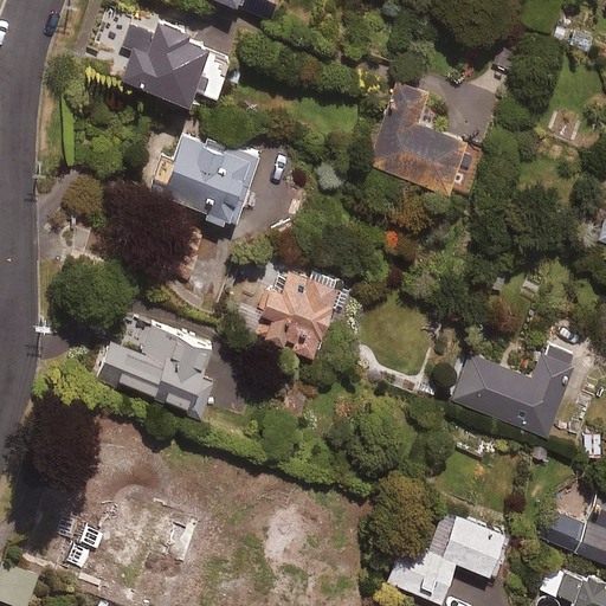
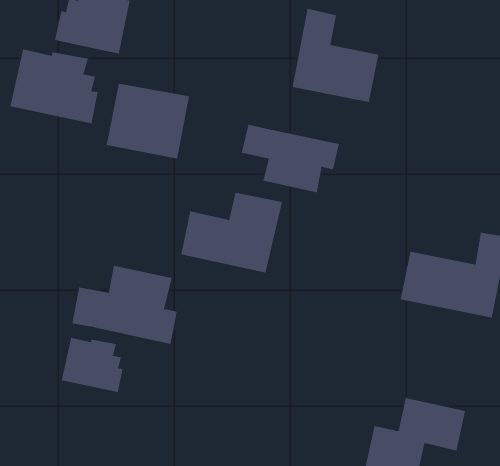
building: none -> [10,49,98,124]
building: none -> [241,124,340,193]
building: none -> [61,337,123,393]

